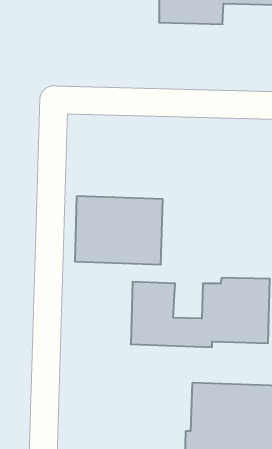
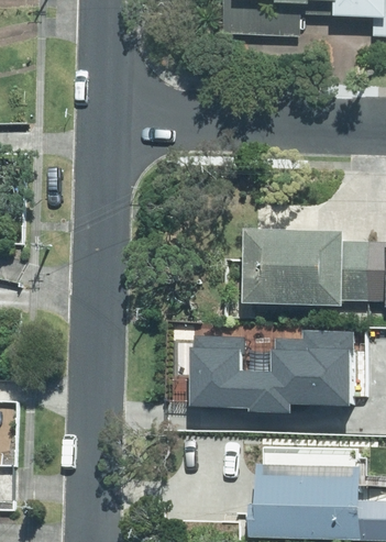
building: [75,196,163,264] -> [242,230,344,309]

